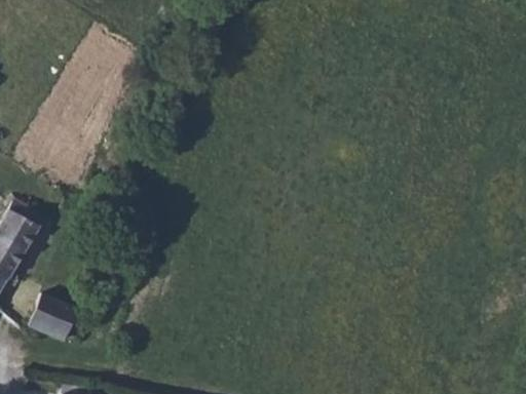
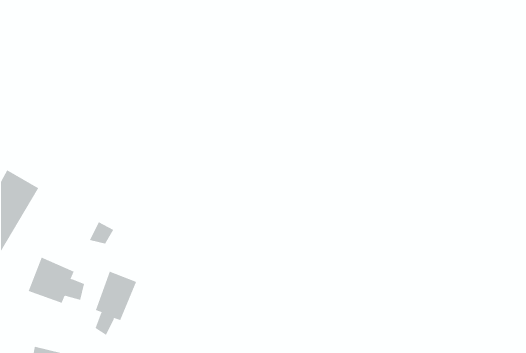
building: none -> [95,271,137,336]

